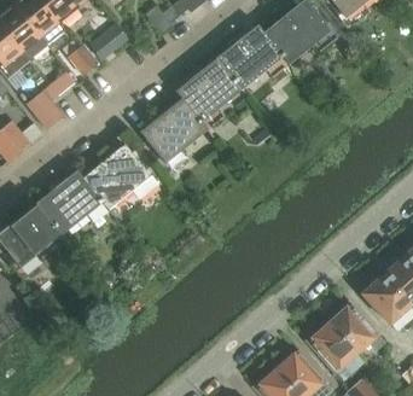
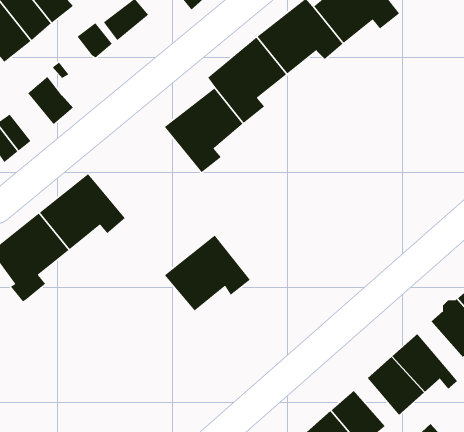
building: [83,144,156,208] -> [164,235,251,312]

